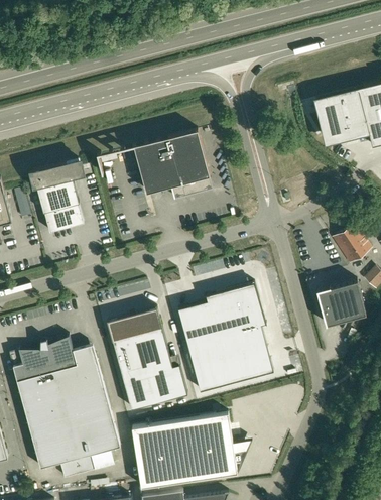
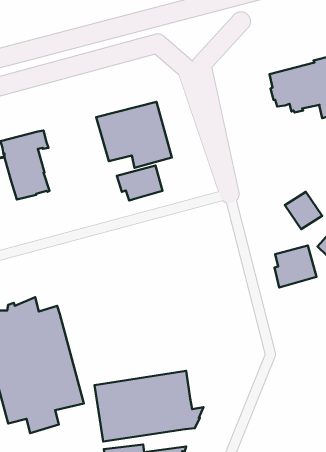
building: none -> [117,166,162,200]
building: [177,283,273,392] -> none
building: [107,308,186,410] -> none

